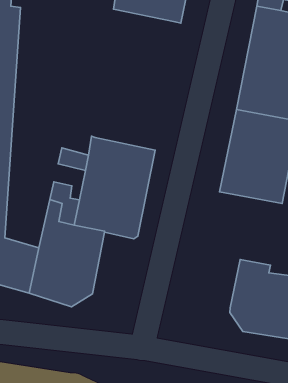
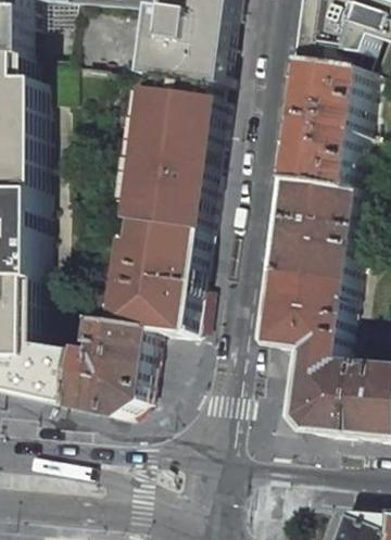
building: none -> [129,74,217,230]
building: none -> [267,273,348,352]

